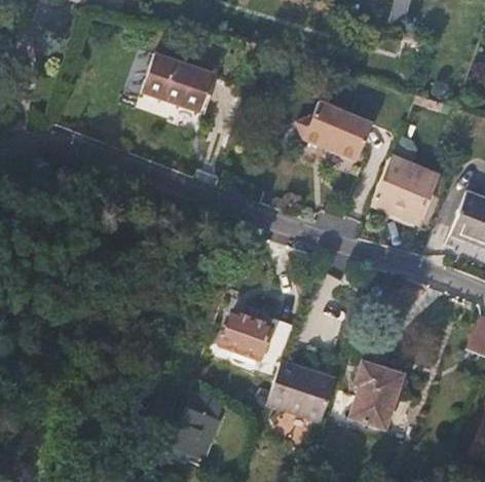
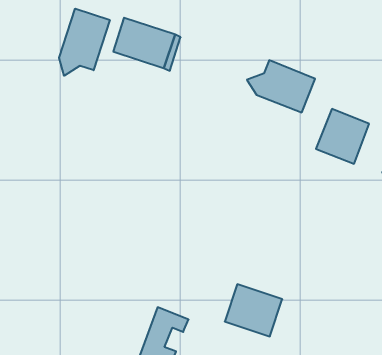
building: none -> [59,9,110,76]
building: [223,310,293,364] -> none
building: [348,361,403,428] -> none

